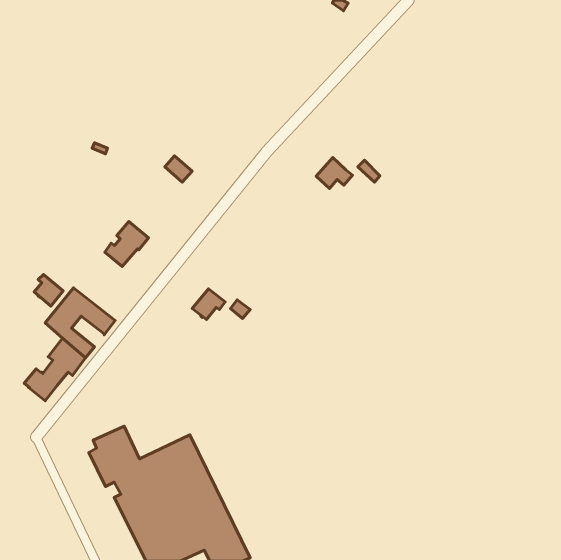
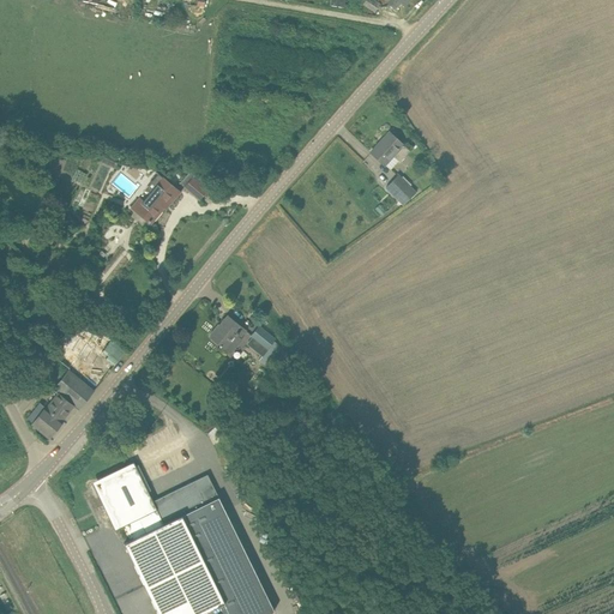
building: [316,158,353,188] -> [371,133,410,167]
building: [105,221,149,266] -> [132,175,180,224]
building: [34,274,63,306] -> none

